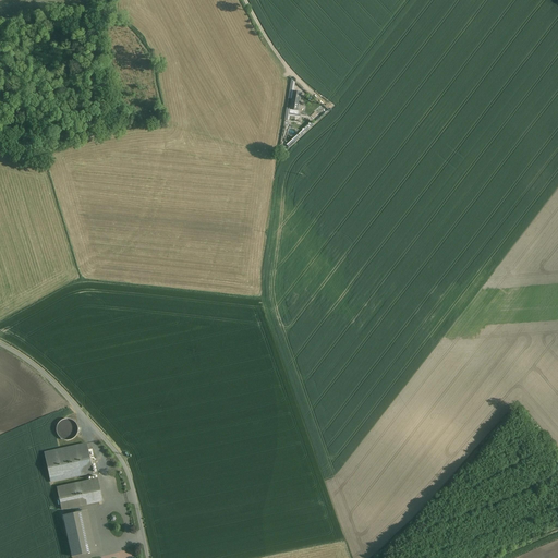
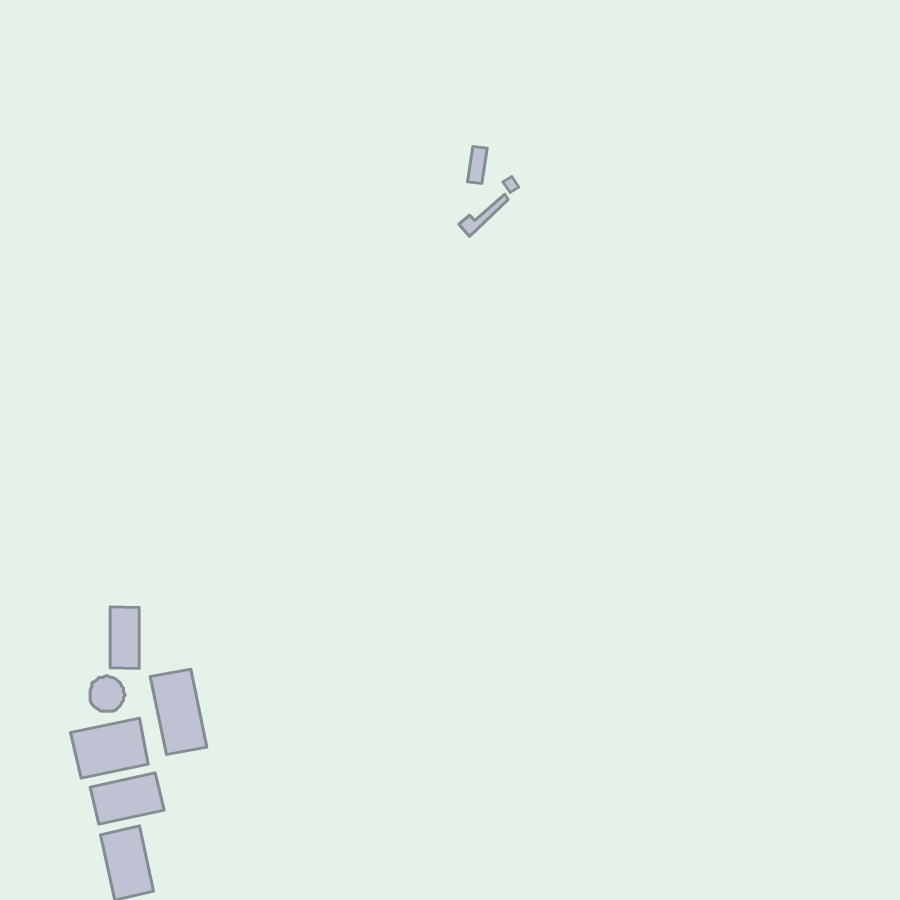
building: none -> [110,607,139,668]
building: none -> [150,669,207,755]

